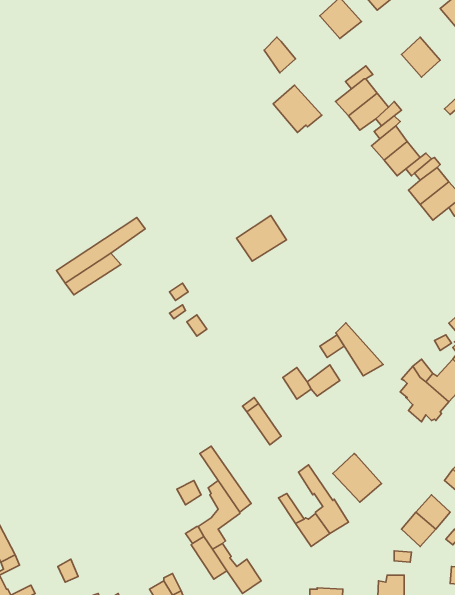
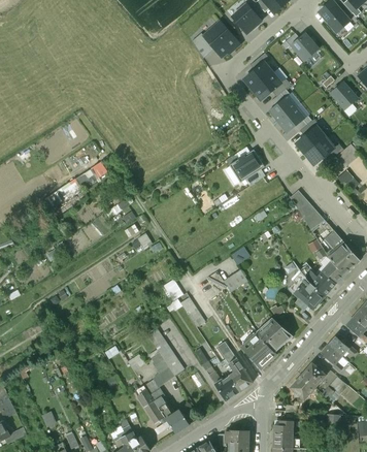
building: [273,85,322,132] -> [204,22,239,56]
building: [236,215,286,261] -> [229,149,265,182]
building: [336,323,383,376] -> [291,190,325,228]
building: none -> [258,319,293,352]

